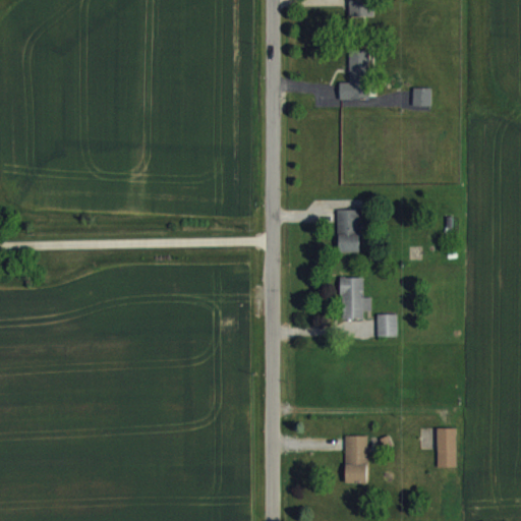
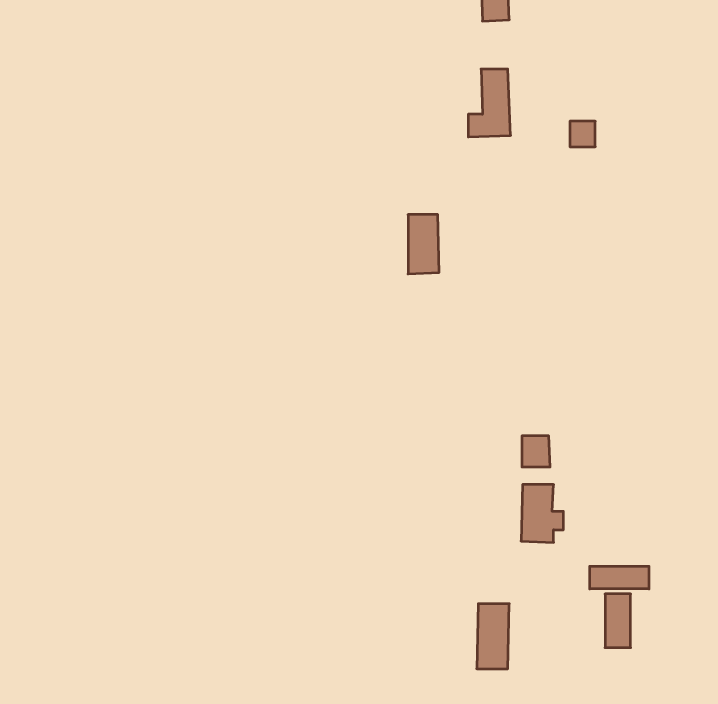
building: [337,210,359,252] -> [408,215,439,274]
building: [340,278,370,320] -> [521,485,563,542]
building: none -> [590,566,649,589]

